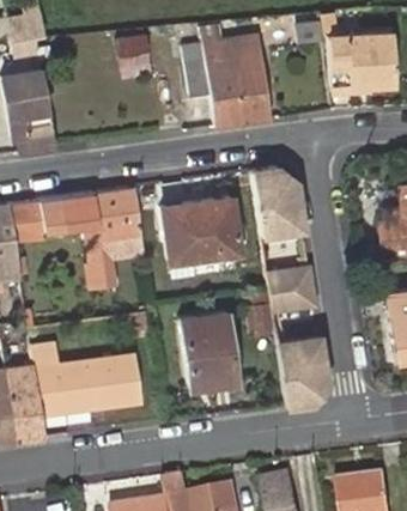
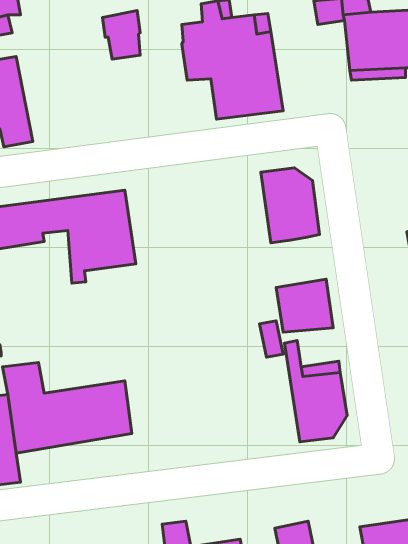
building: [160,201,237,262] -> none
building: [177,314,232,389] -> none

